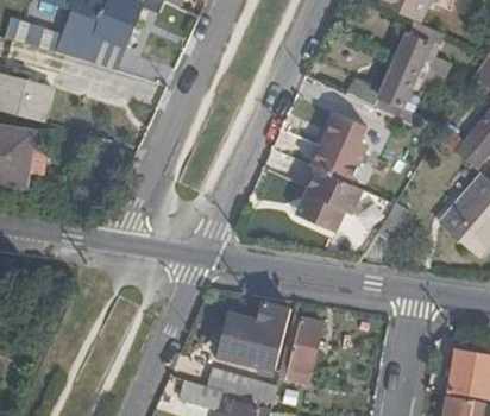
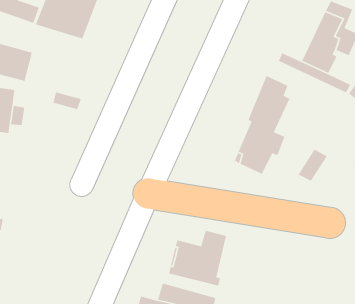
building: [277,319,321,384] -> none

